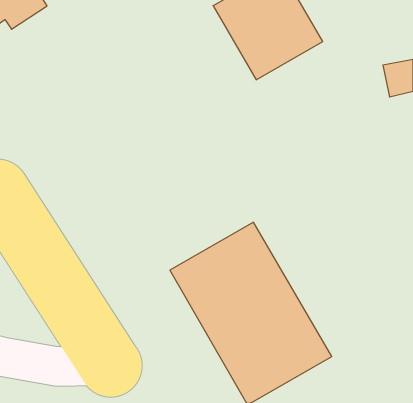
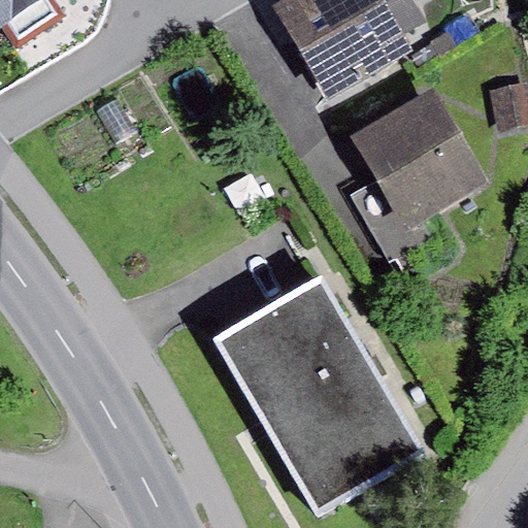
building: none -> [350,91,486,230]

